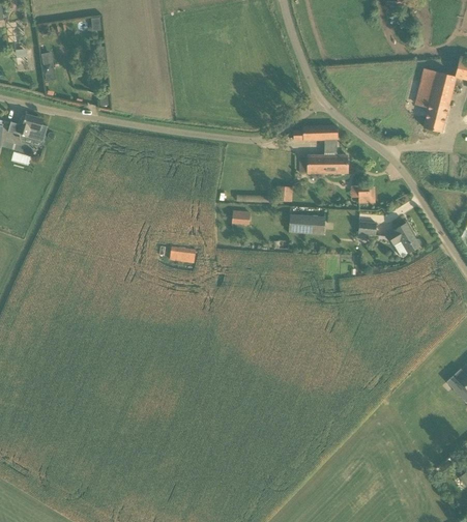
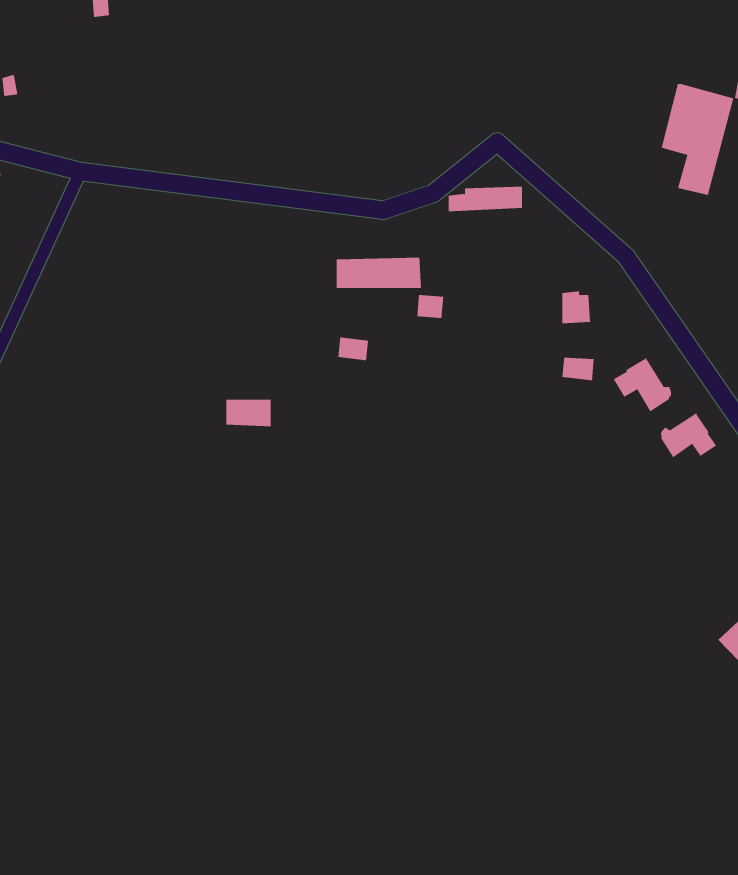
building: [299,155,348,173] -> [336,257,422,289]
building: [291,215,325,234] -> none
building: none -> [660,412,717,458]

